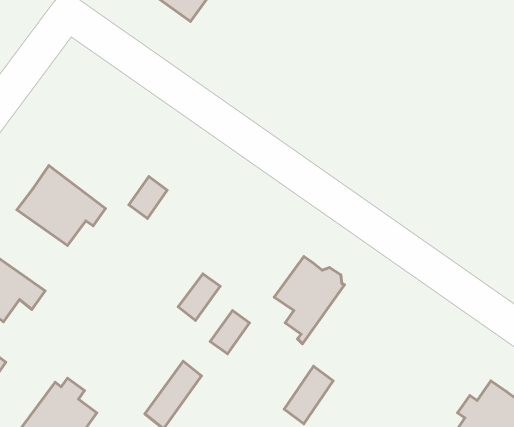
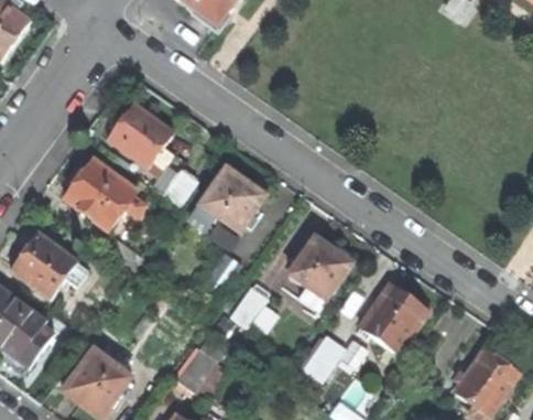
building: none -> [105,100,171,165]
building: none -> [194,168,268,230]
building: none -> [362,282,429,352]

